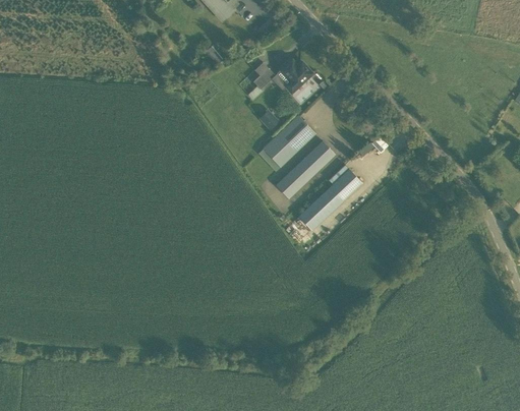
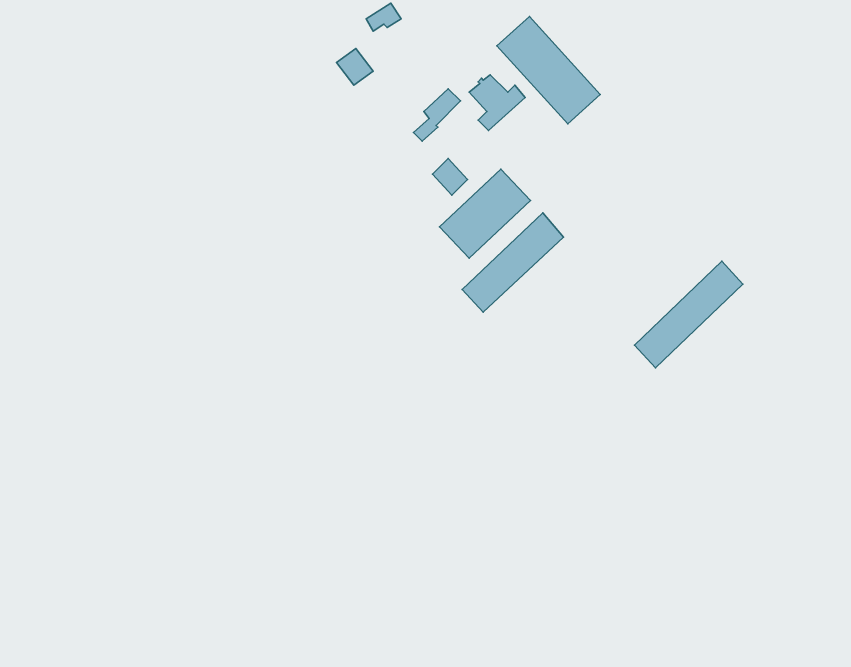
building: none -> [497,16,600,124]
building: [298,169,361,231] -> [634,261,743,368]

